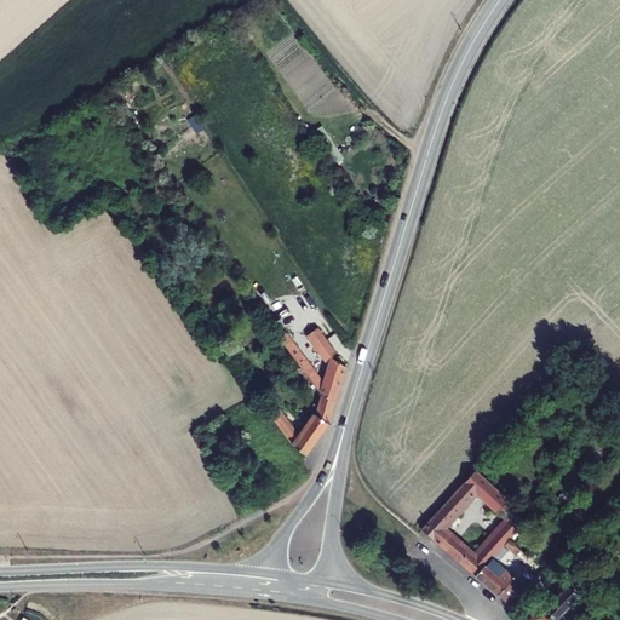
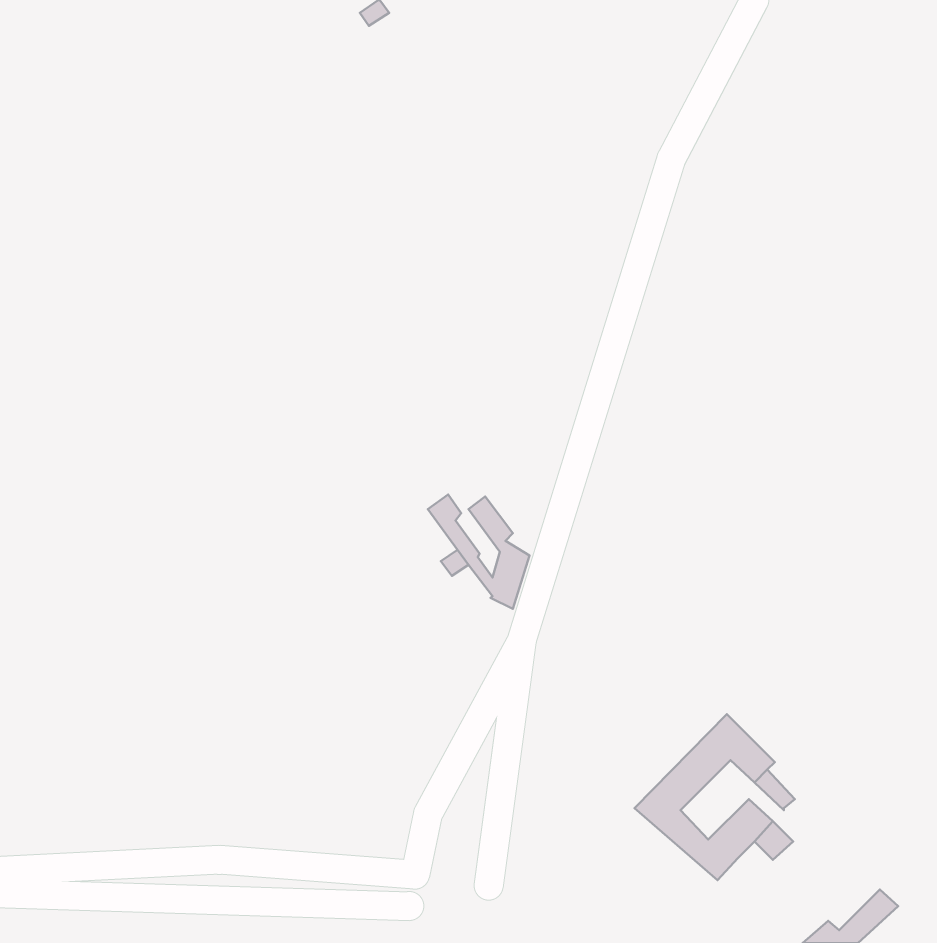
building: [271,392,337,453] -> none
building: [471,563,526,608] -> none

